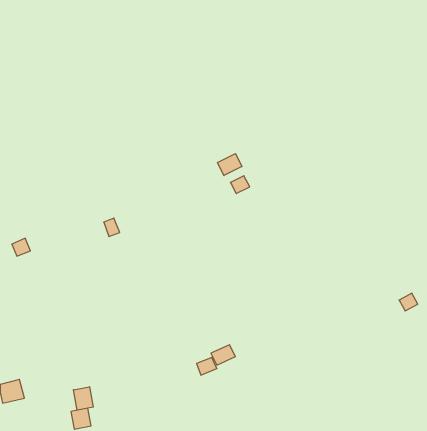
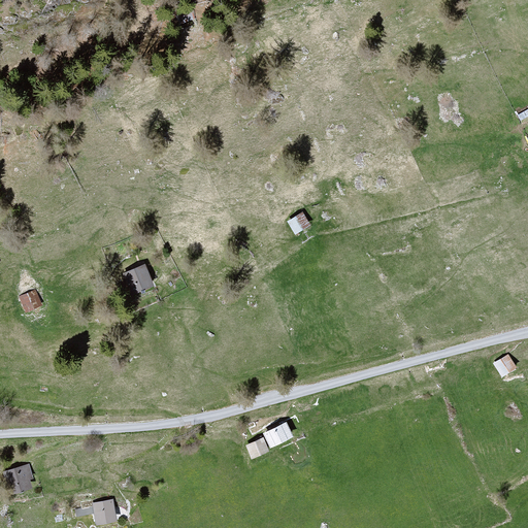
building: [217,154,242,176] -> none
building: [73,387,93,410] -> none

